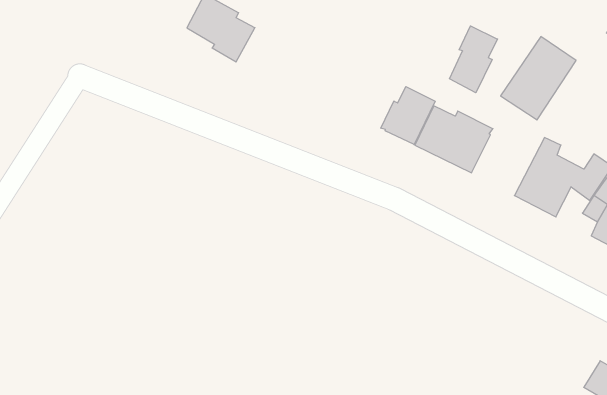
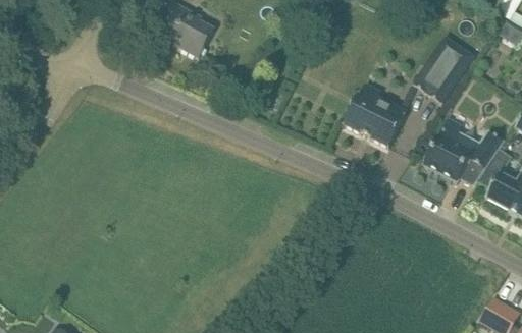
building: [450,26,498,93] -> none
building: [381,87,435,145] -> none

